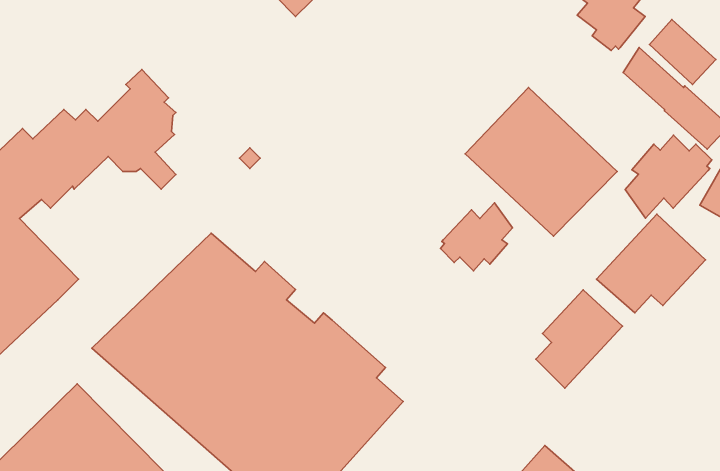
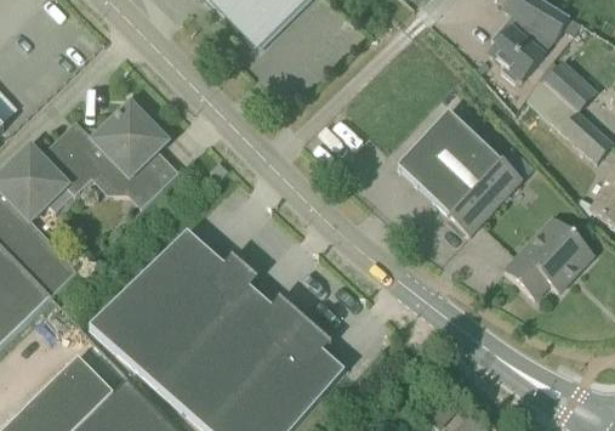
building: [625,135,712,218] -> none
building: [441,203,513,271] -> none
building: [536,290,623,388] -> none

